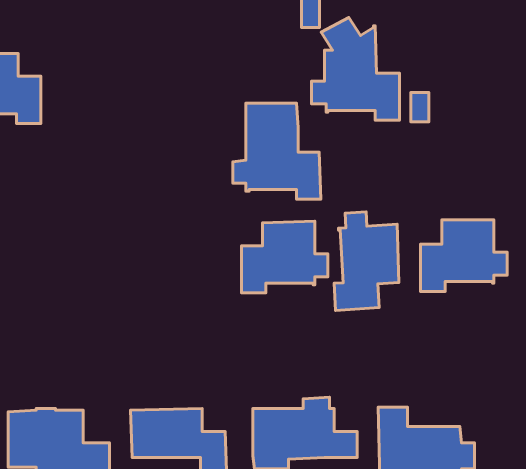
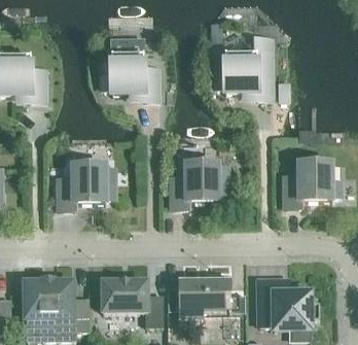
building: [233,103,321,199] -> [103,38,158,99]
building: [334,212,399,311] -> none
building: none -> [59,164,113,208]

